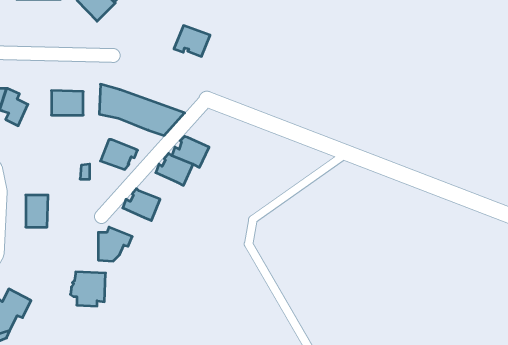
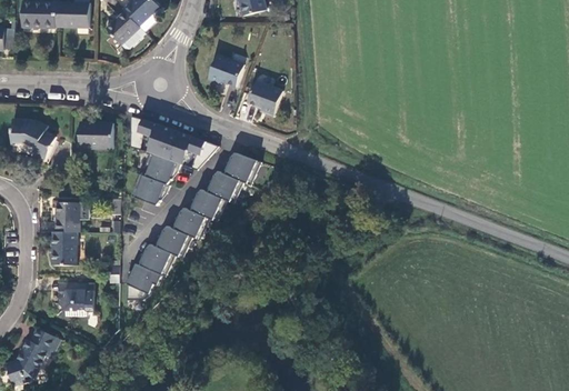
building: none -> [247,80,282,116]
building: none -> [141,150,180,182]
building: none -> [221,150,261,183]
building: none -> [56,201,79,230]
building: none -> [170,205,210,238]
building: none -> [137,242,176,274]
building: [70,272,106,306] -> [57,280,93,315]

